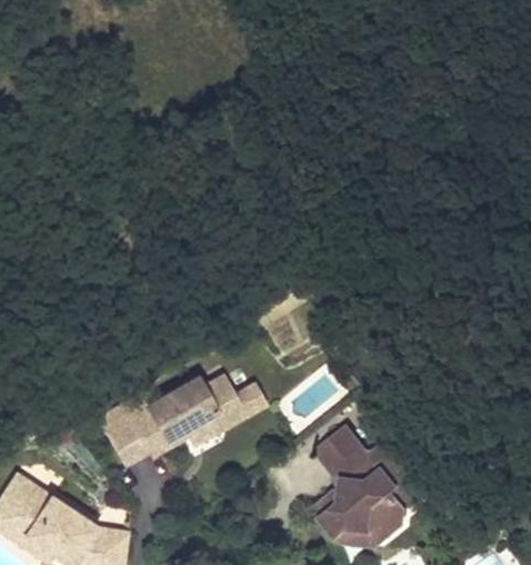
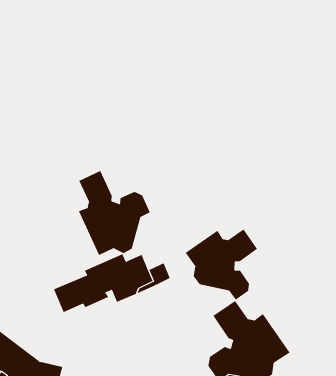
building: none -> [78,170,150,256]
building: none -> [185,229,258,300]

